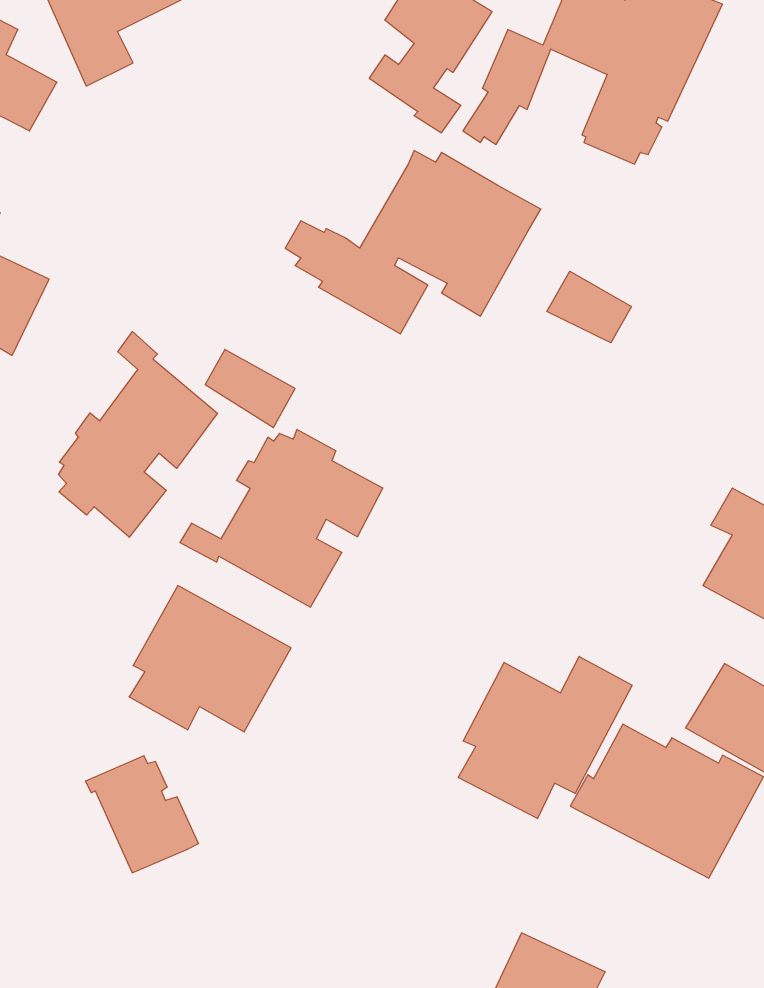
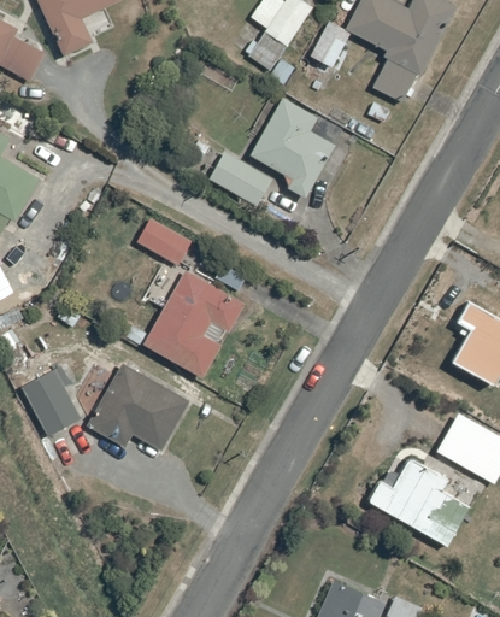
building: [547,271,631,343] -> none
building: [58,332,218,537] -> none
building: [458,656,632,819] -> none
building: [85,756,199,873] -> [16,364,86,436]

